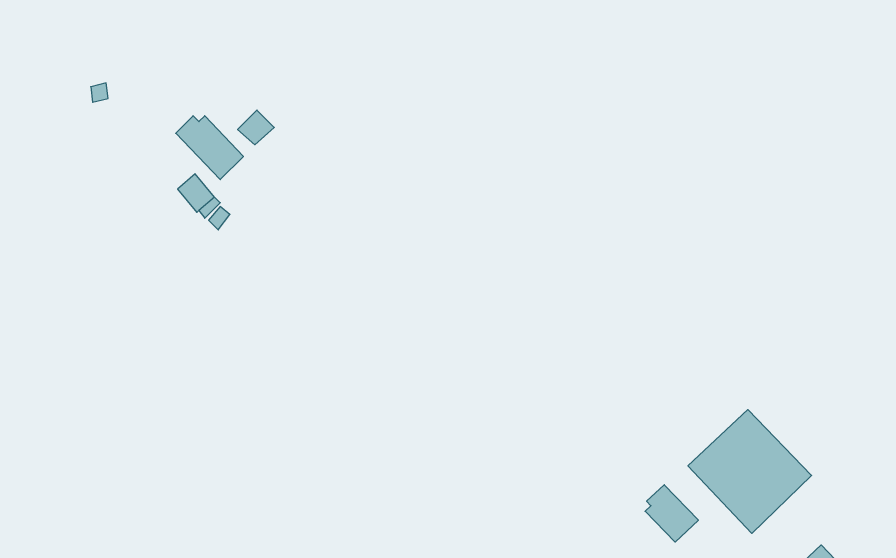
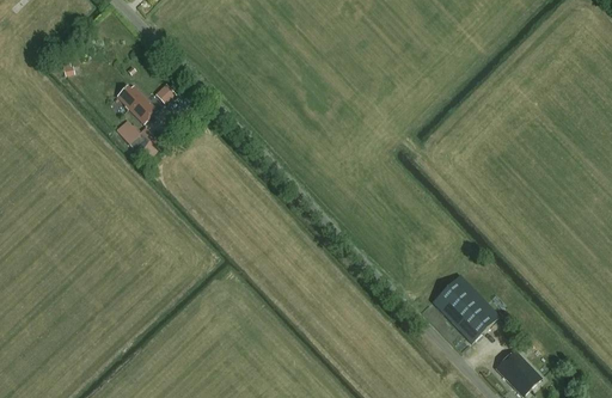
building: [645,485,698,542] -> none

